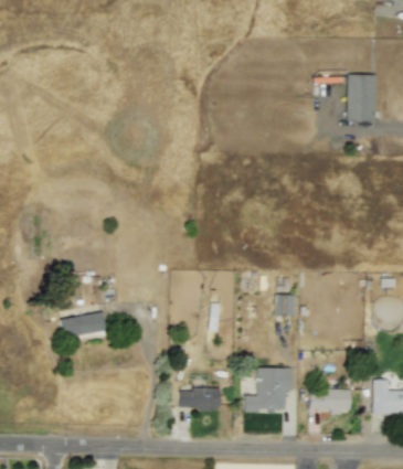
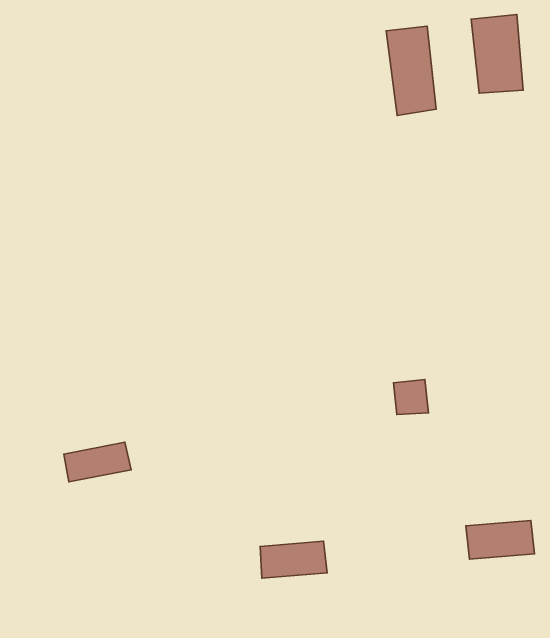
building: none -> [386,26,436,115]
building: [244,369,293,413] -> none

